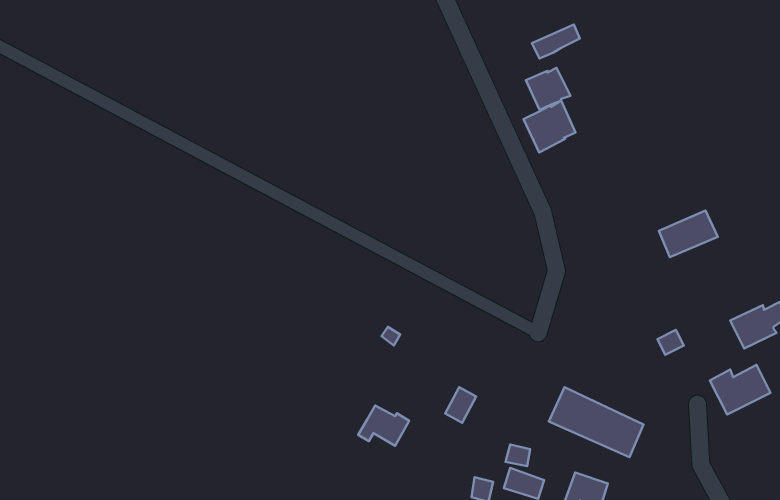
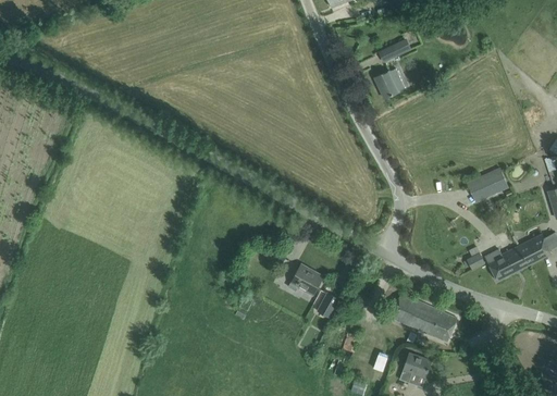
building: [523,100,576,152] -> none
building: [710,365,770,414] -> [485,246,528,281]
building: [358,405,409,446] -> [288,265,324,294]

